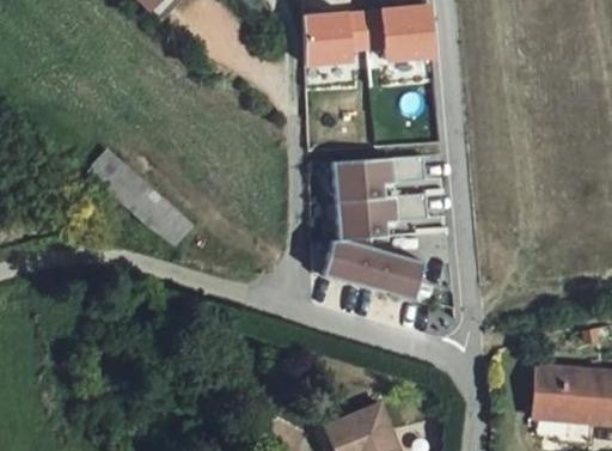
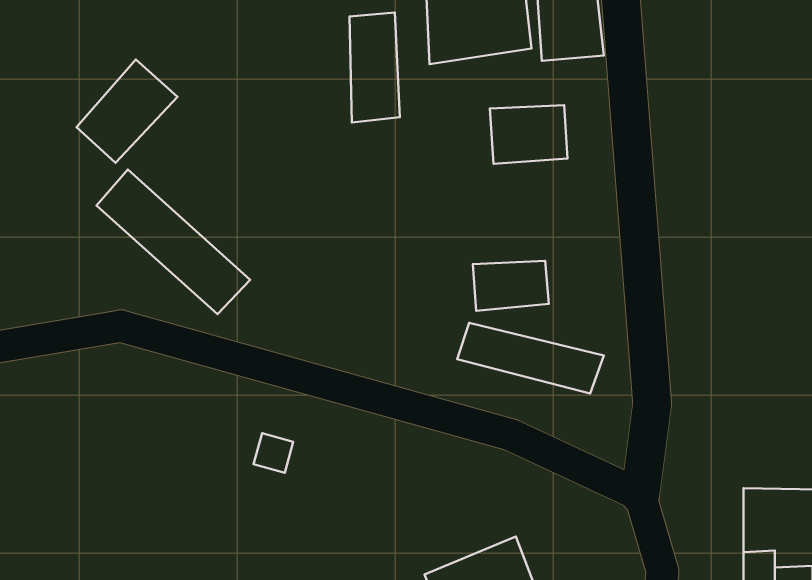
building: none -> [349,12,400,122]
building: none -> [76,59,178,163]
building: [339,163,393,203] -> [490,105,568,164]

